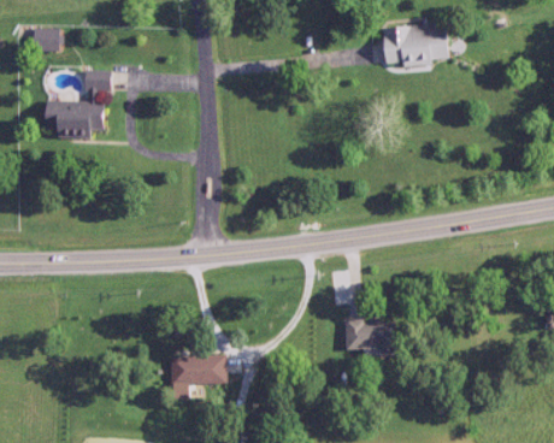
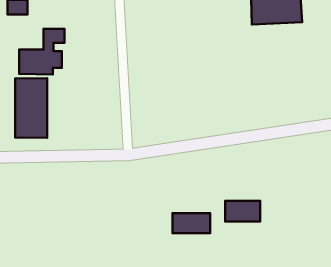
building: none -> [15,78,47,138]
building: [170,355,224,384] -> [173,213,210,233]

